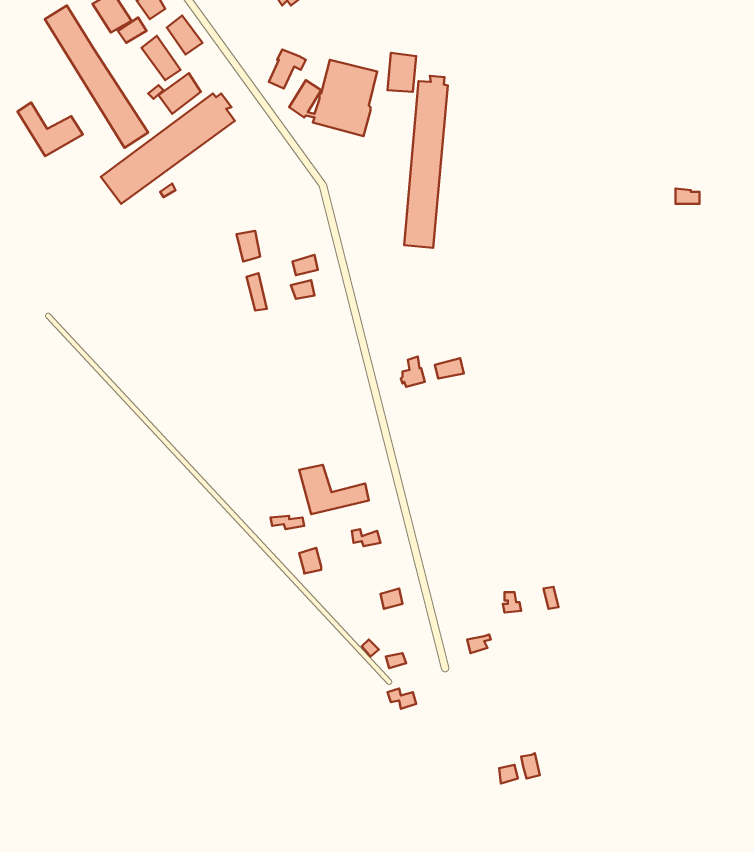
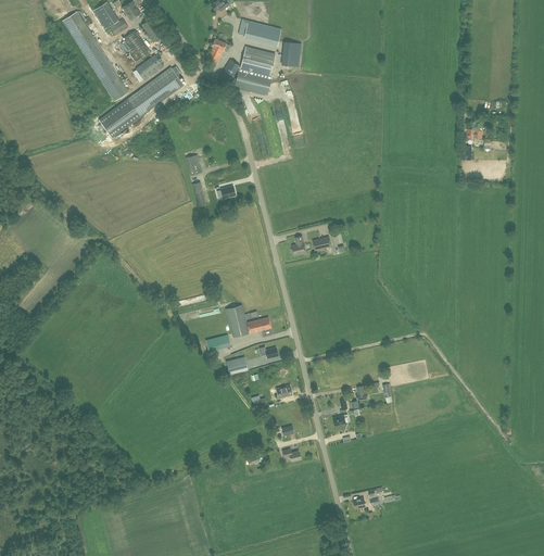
building: none -> [237,17,280,45]
building: [404,76,448,248] -> none
building: [17,102,83,156] -> none

